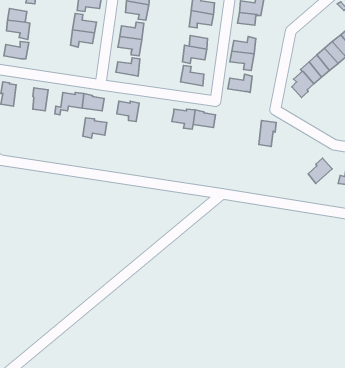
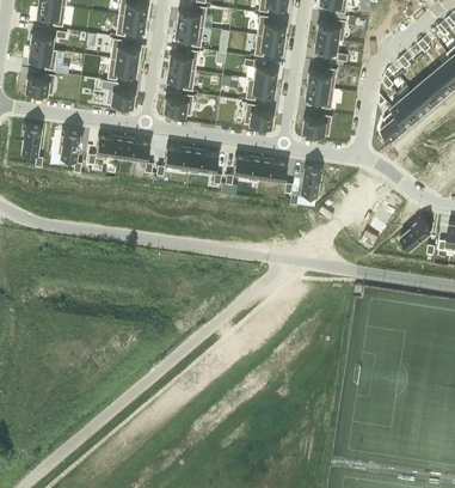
building: none -> [100,79,135,106]
building: [83,118,107,138] -> [189,150,219,175]
building: [259,120,276,147] -> [301,166,322,199]

